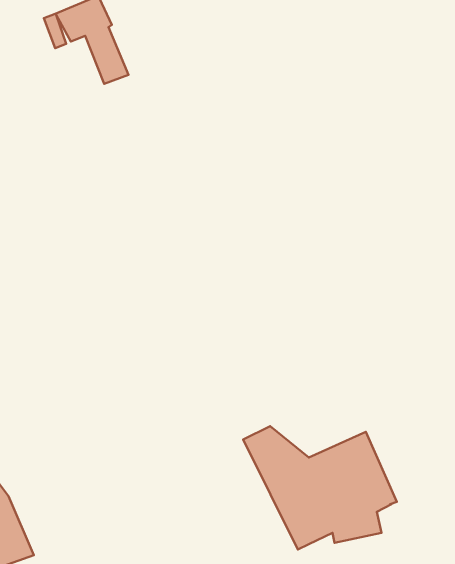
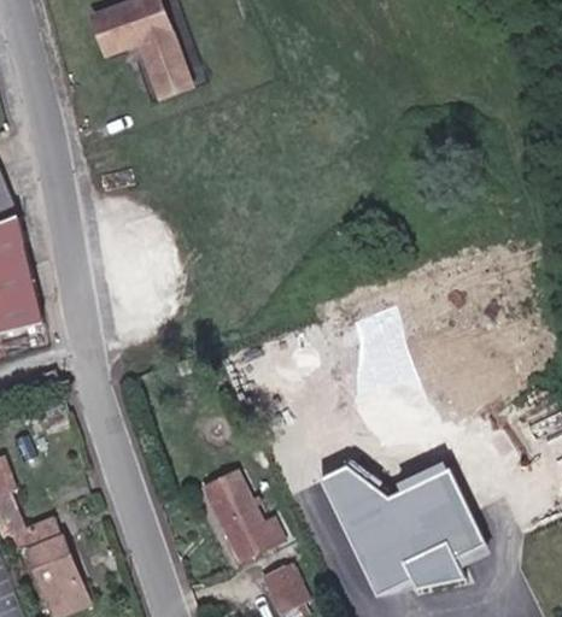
building: none -> [205,471,286,554]
building: none -> [260,553,300,604]

